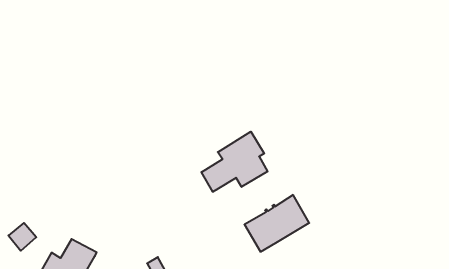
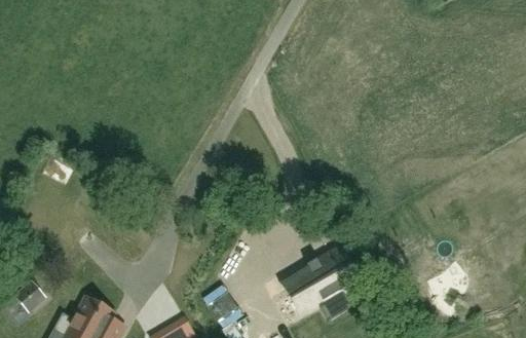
building: [201,132,268,192] -> none

